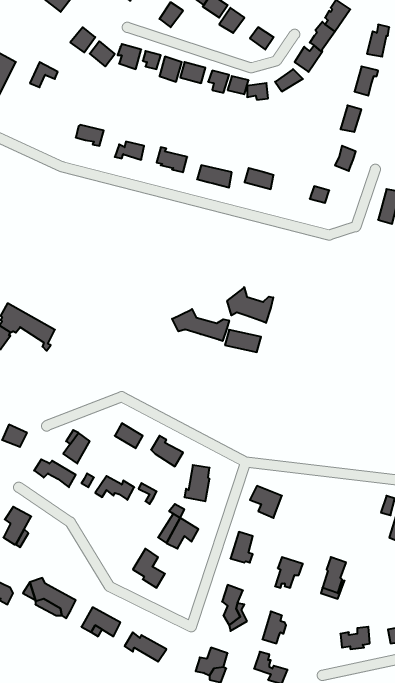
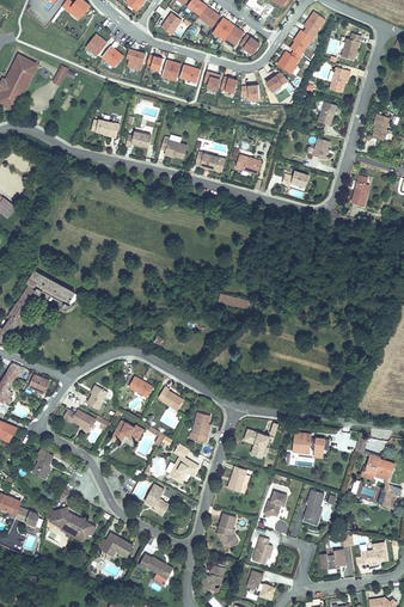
building: [227,287,273,323] -> none
building: [172,309,229,341] -> none
building: none -> [292,433,329,458]

